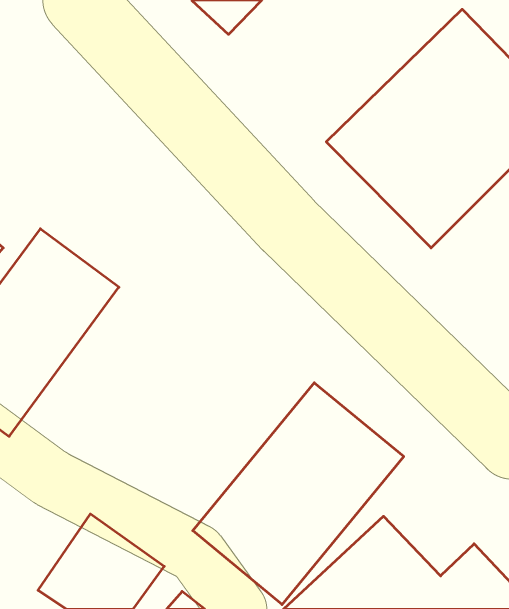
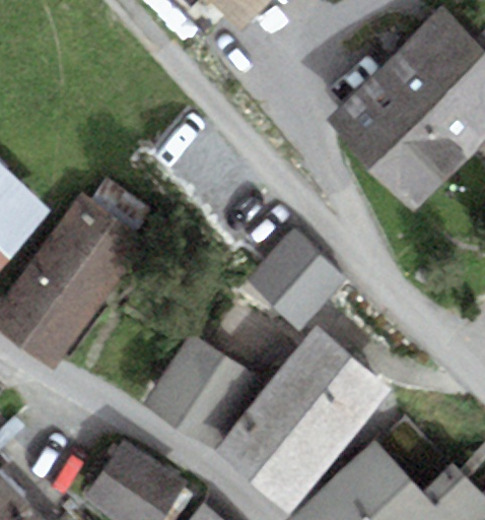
building: none -> [245,229,349,333]
building: none -> [145,332,252,443]

